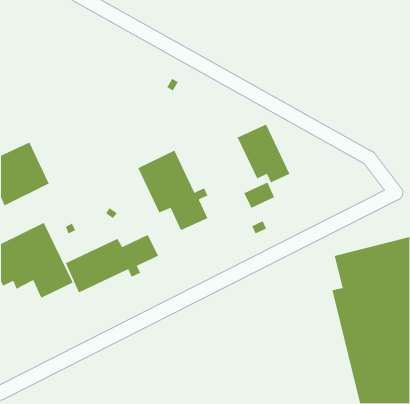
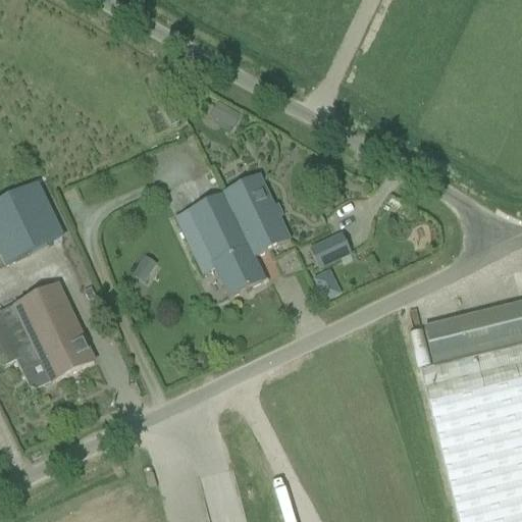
building: [237,123,290,184] -> [222,172,291,249]
building: [65,234,159,293] -> none

